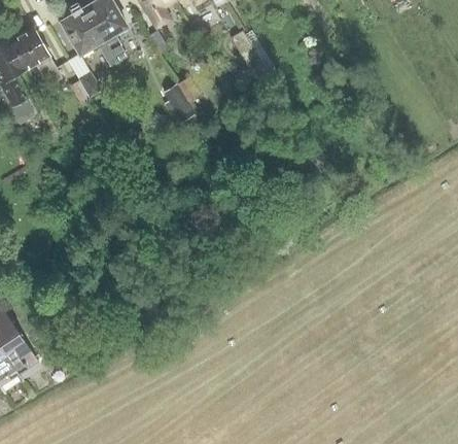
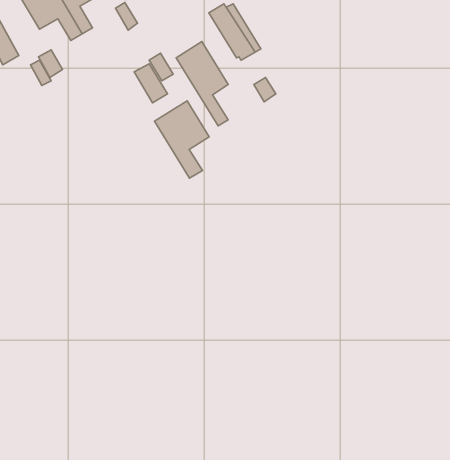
building: none -> [176,42,228,126]
building: none -> [155,101,209,178]

